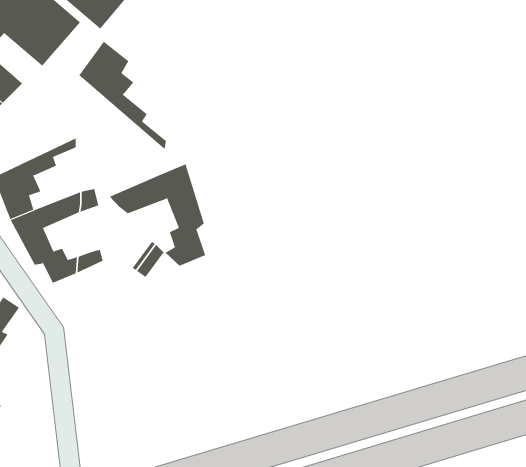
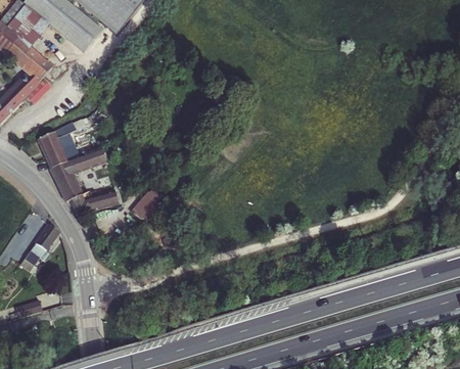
building: [79,41,166,150] -> none
building: [109,164,206,266] -> none

